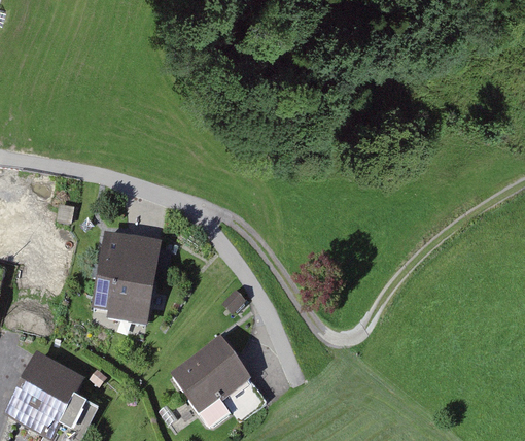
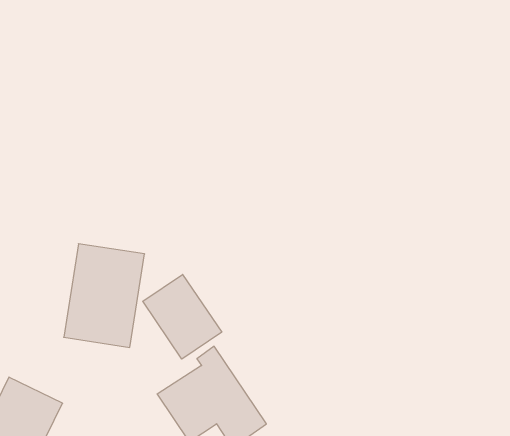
building: none -> [143,274,222,359]

